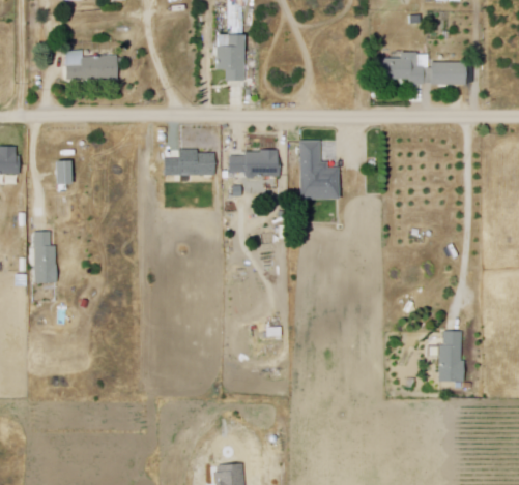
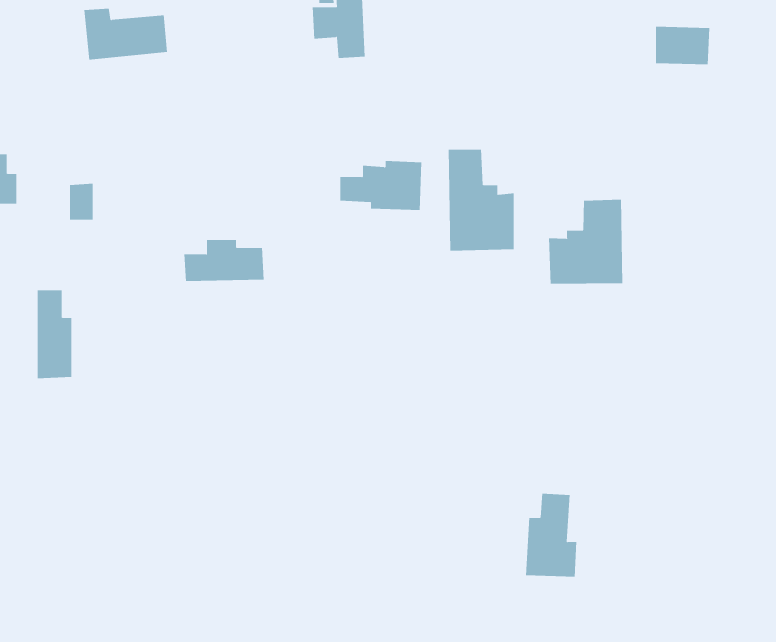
building: [372,52,426,84] -> none
building: [163,148,214,175] -> [184,239,265,281]
building: none -> [548,199,623,285]
building: [433,329,466,383] -> [525,493,577,577]

